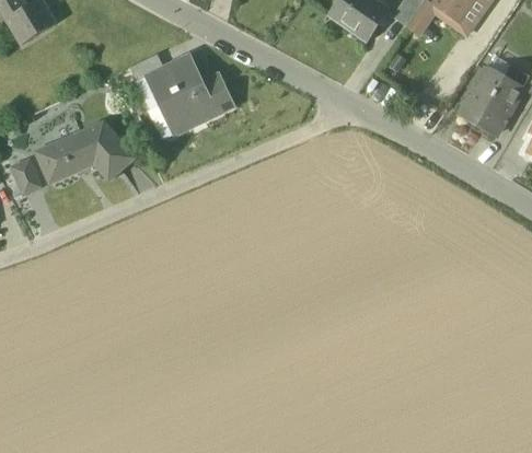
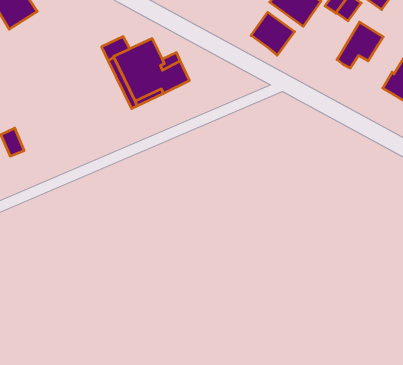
building: none -> [251,12,295,55]
building: none -> [337,22,383,68]
building: [37,124,134,183] -> none

